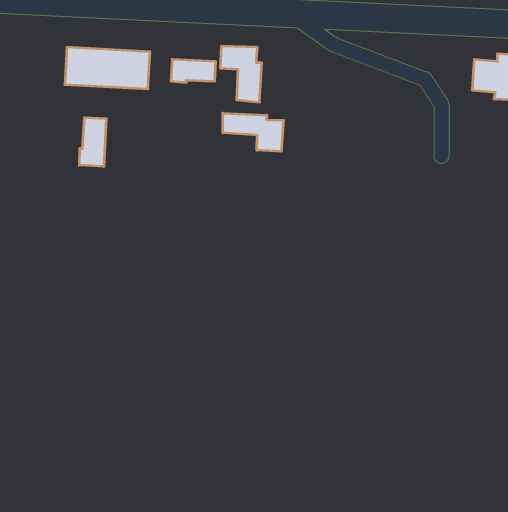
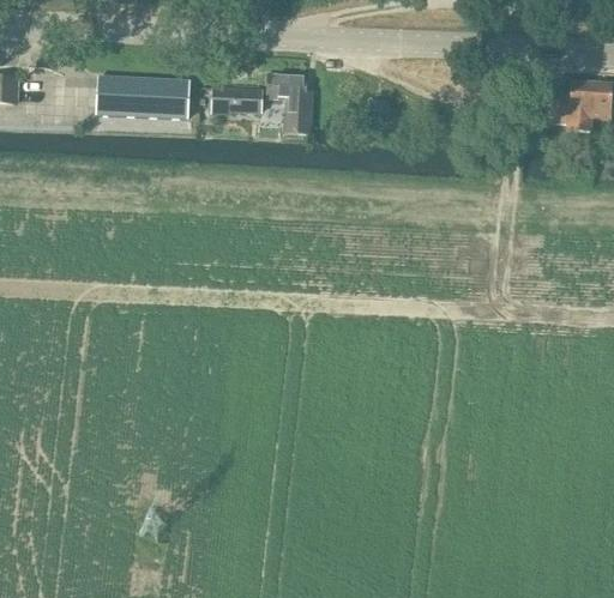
building: [223,113,284,151] -> none
building: [79,118,106,167] -> none

